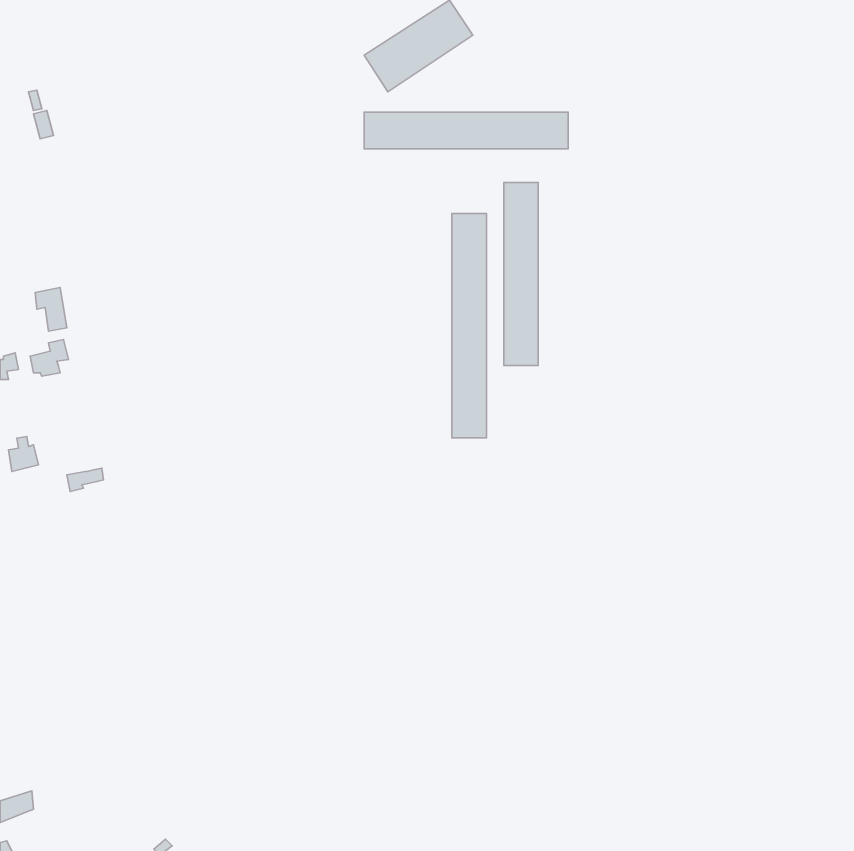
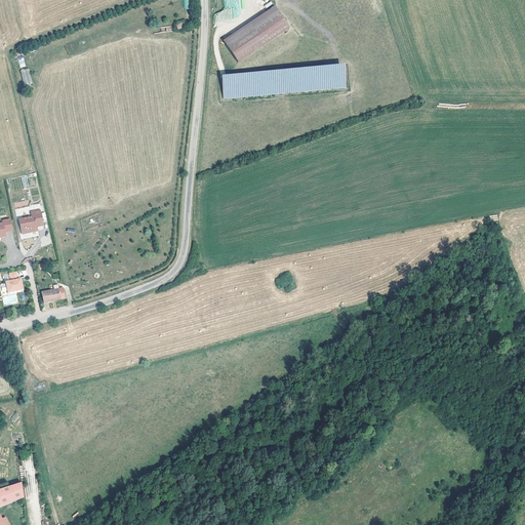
building: [504,182,538,366] -> none
building: [452,213,487,438] -> none

